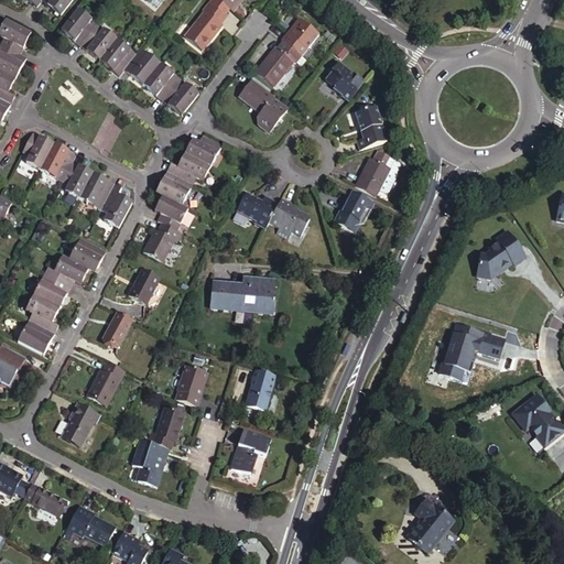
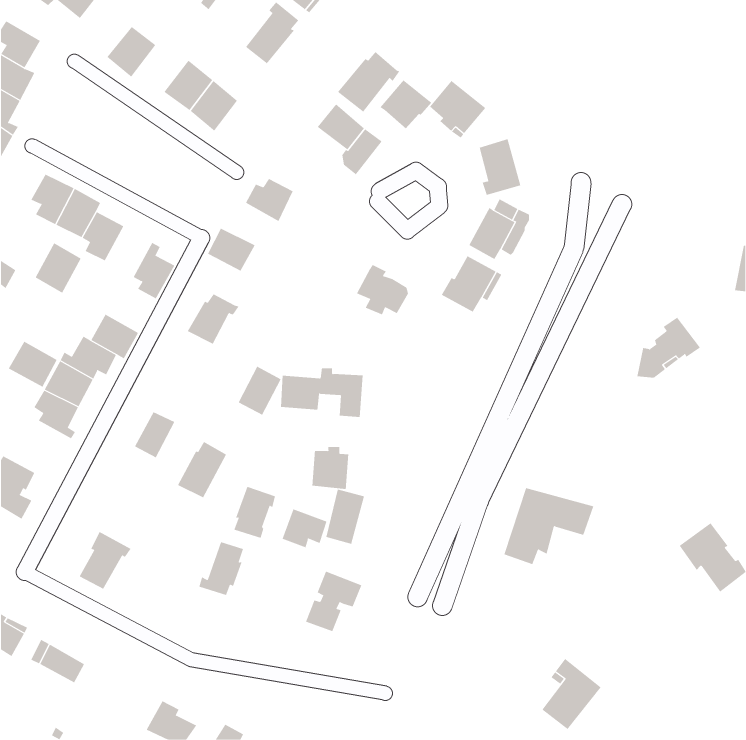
building: [62,4,99,43] -> none
building: [280,15,319,53] -> [380,80,432,129]
building: [99,34,138,74] -> none
building: [162,76,199,115] -> none
building: [166,153,210,185] -> none
building: [79,171,115,209] -> [35,242,82,293]
building: [235,192,279,230] -> none
building: [154,195,189,230] -> none
building: [126,268,159,305] -> [238,366,282,416]
building: [17,317,54,352] -> [8,341,57,388]
building: [438,319,507,378] -> [504,487,594,565]
building: none -> [312,446,349,490]
building: [88,361,126,404] -> [177,441,227,498]
building: none -> [282,508,327,548]
building: [132,441,171,488] -> none
building: [63,505,113,547] -> none

